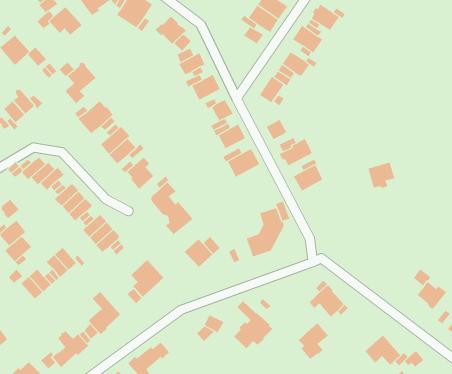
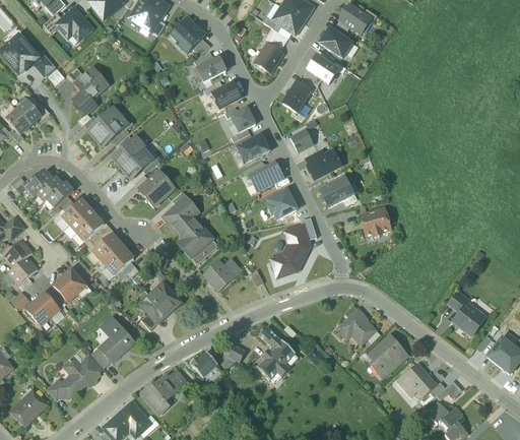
building: none -> [254,42,283,72]
building: [368,162,396,188] -> [360,207,390,236]
building: none -> [267,189,298,218]
building: [298,322,333,360] -> [369,334,407,375]
building: none -> [190,351,218,377]

